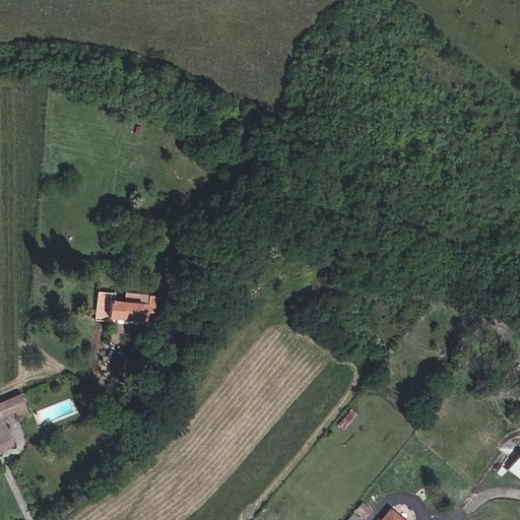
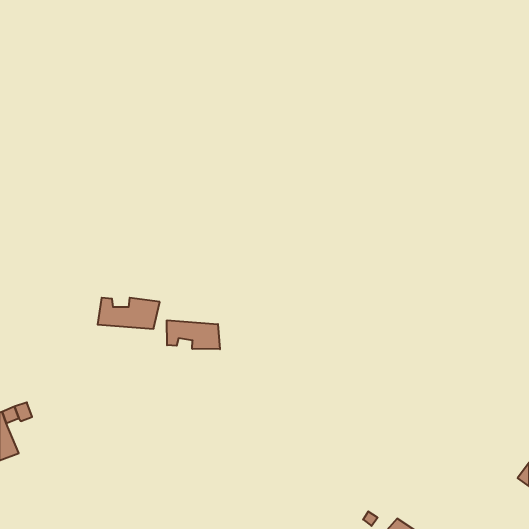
building: none -> [167,320,220,349]

